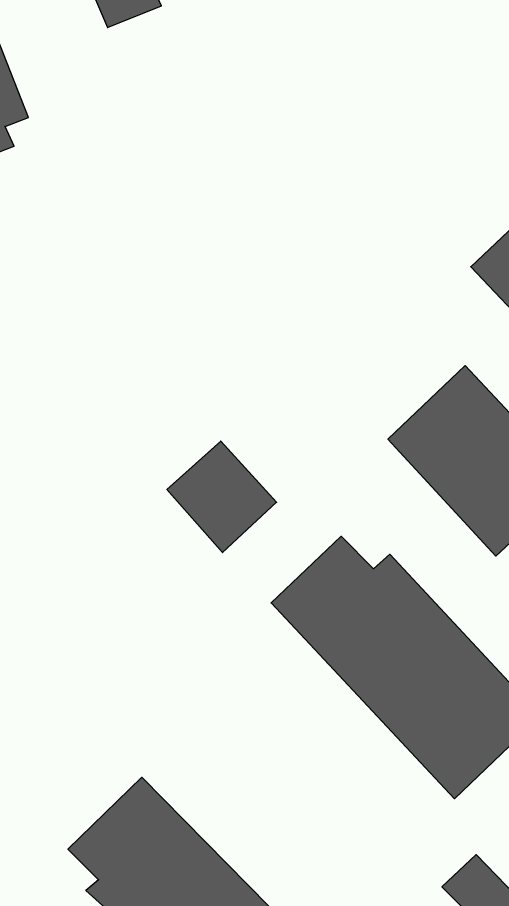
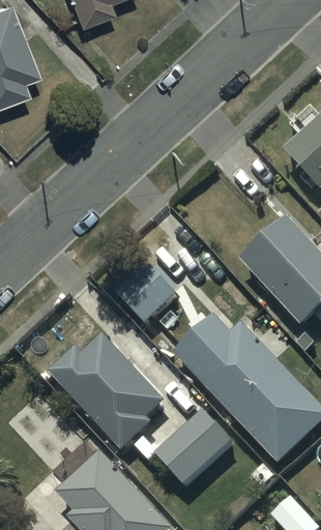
building: none -> [47,335,164,450]
building: none -> [154,408,233,485]

